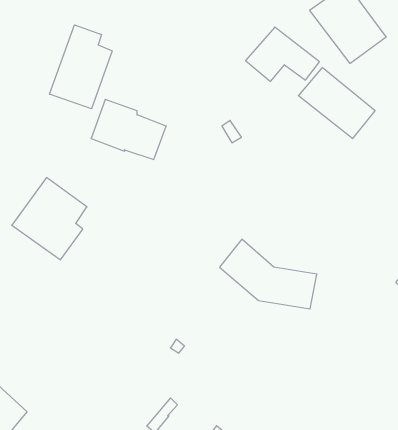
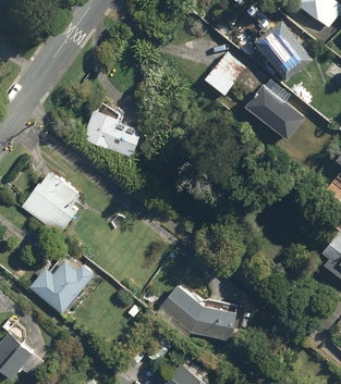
building: [49,25,112,109] -> none
building: [220,239,317,309] -> [159,284,235,338]
building: none -> [27,258,93,314]

